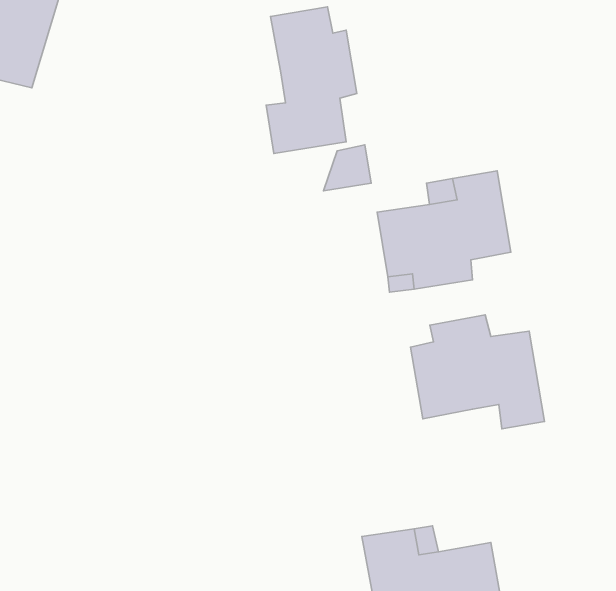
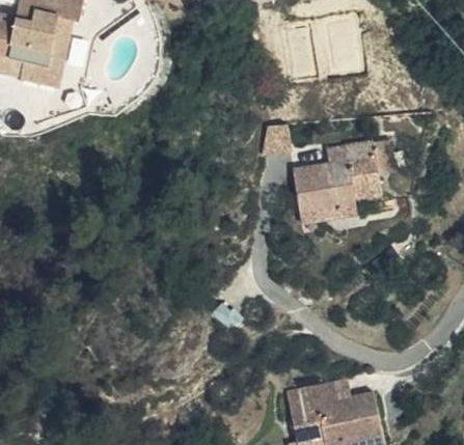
building: [266,7,357,154] -> none
building: [411,315,545,429] -> none

